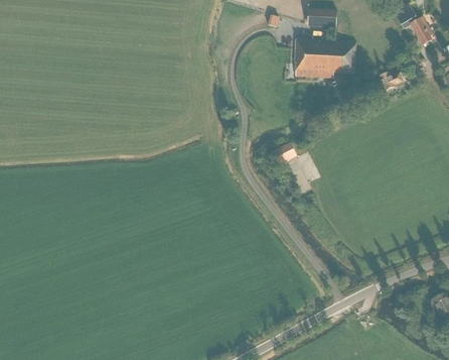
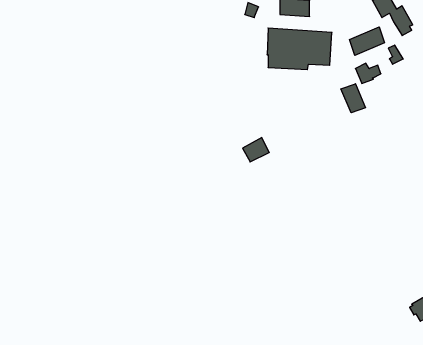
building: none -> [350,27,384,55]
building: none -> [341,84,366,113]

